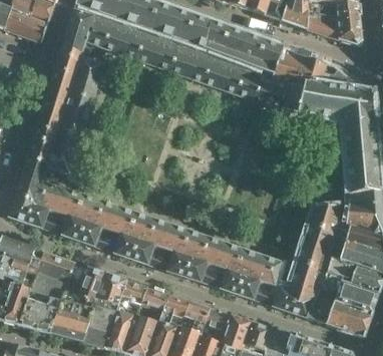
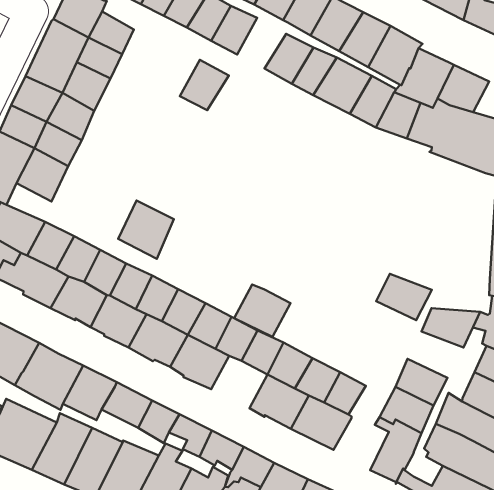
building: [170,44,199,74] -> [180,60,229,110]
building: none -> [118,201,174,259]
building: [302,221,335,247] -> [376,274,432,320]
building: [184,253,218,283] -> [234,285,291,337]
building: [265,280,297,310] -> none

